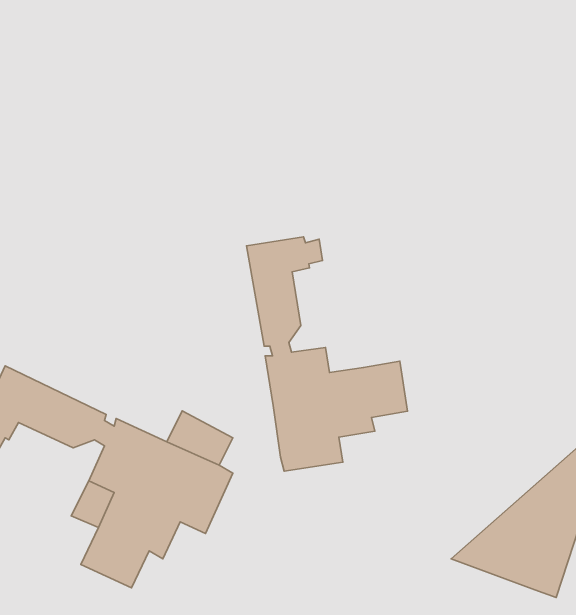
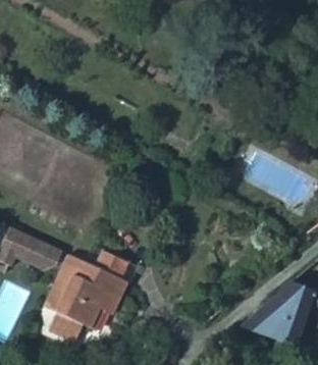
building: [247,237,408,471] -> none

